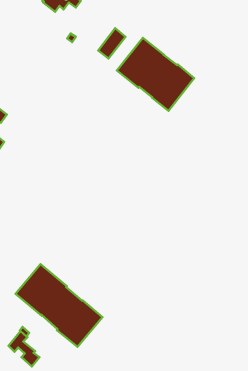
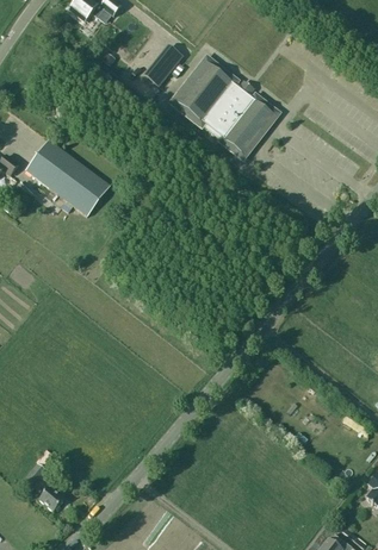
building: none -> [25,139,109,215]
building: [16,264,103,347] -> none

